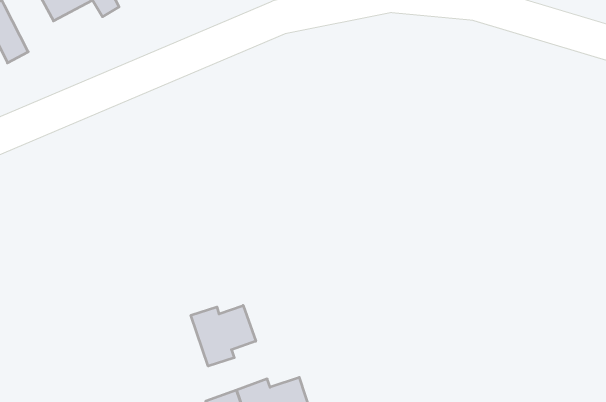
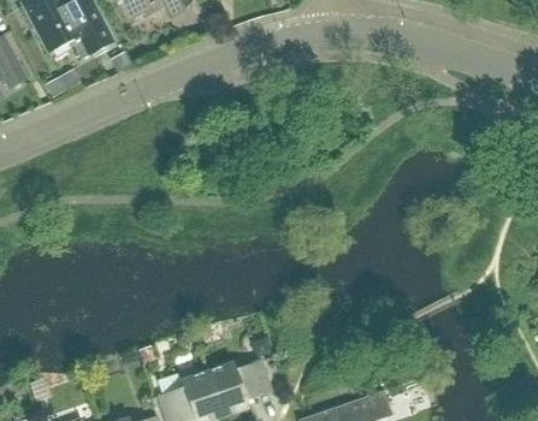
building: [191,305,256,366] -> none

